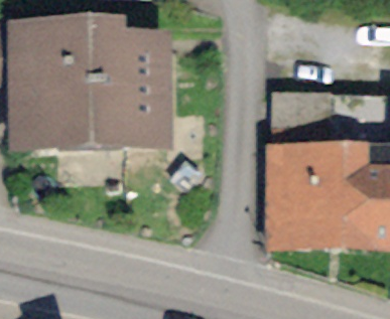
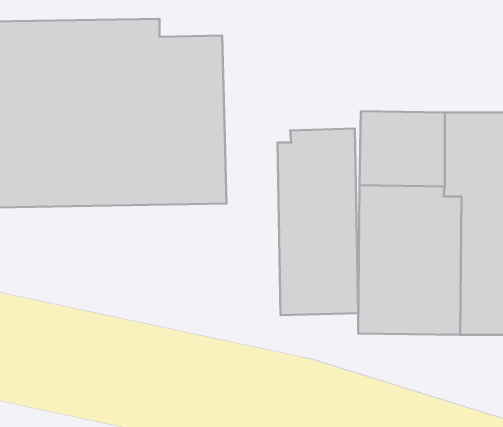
building: none -> [277,129,358,315]

